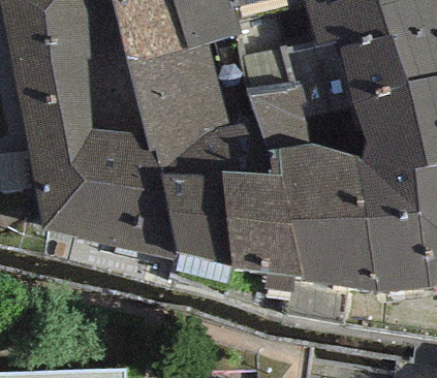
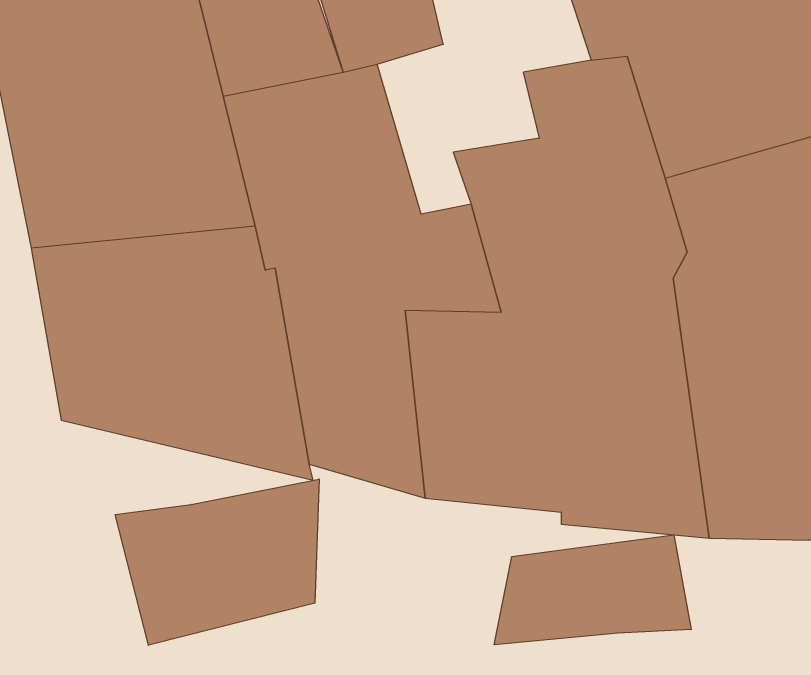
building: none -> [115,479,319,645]
building: none -> [494,535,691,645]

